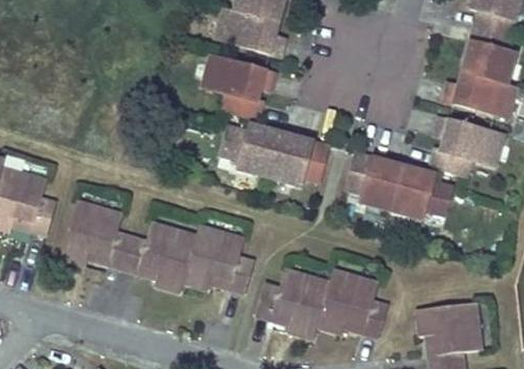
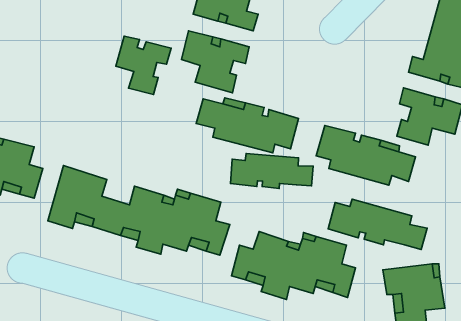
building: none -> [116,36,171,95]
building: none -> [230,153,313,188]
building: none -> [328,199,427,249]

